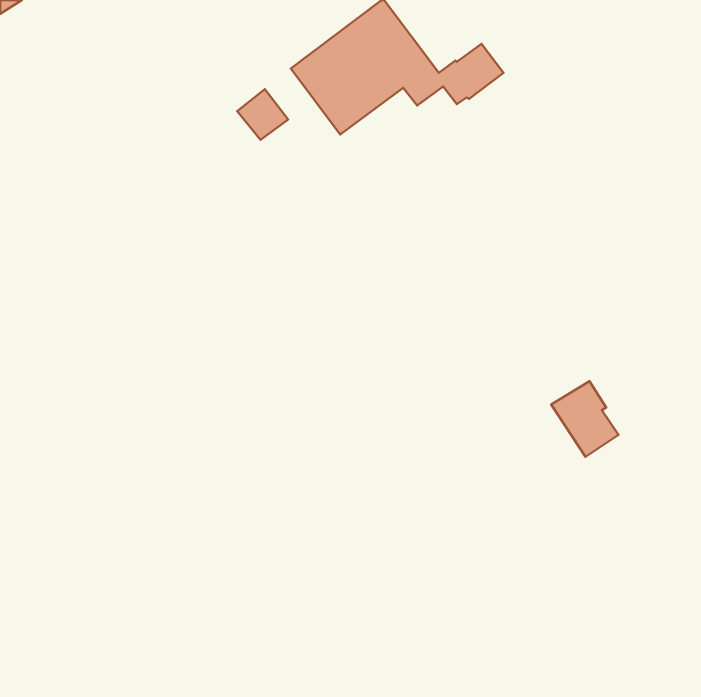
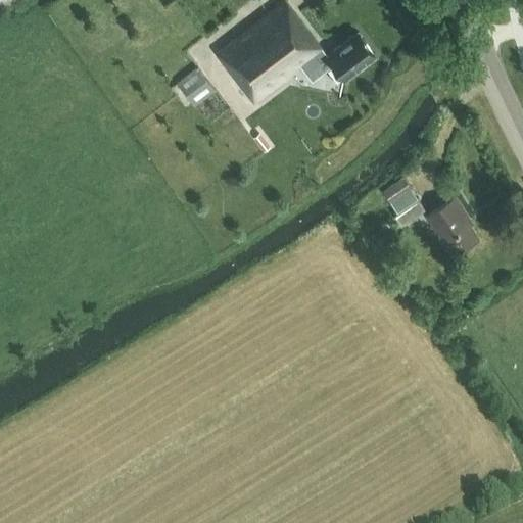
building: none -> [381,179,424,227]
building: [551,381,618,457] -> [427,199,477,255]

